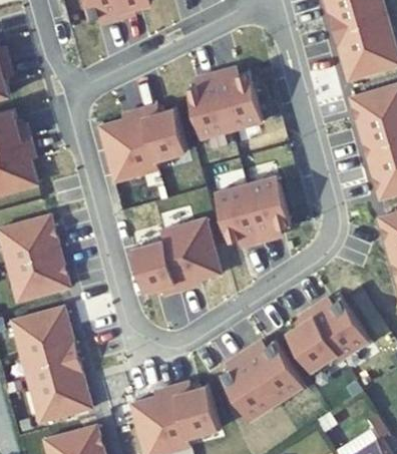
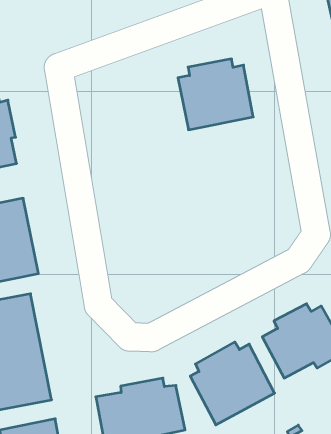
building: [100,104,188,182] -> none
building: [216,177,292,249] -> none
building: [134,219,223,298] -> none

